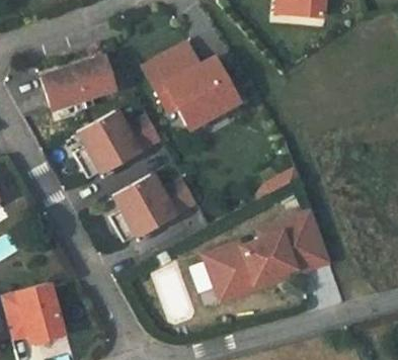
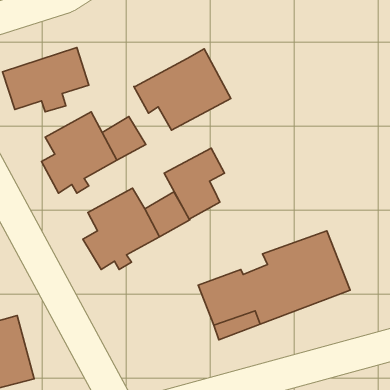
building: [140,43,195,90] -> none
building: none -> [164,148,224,219]

